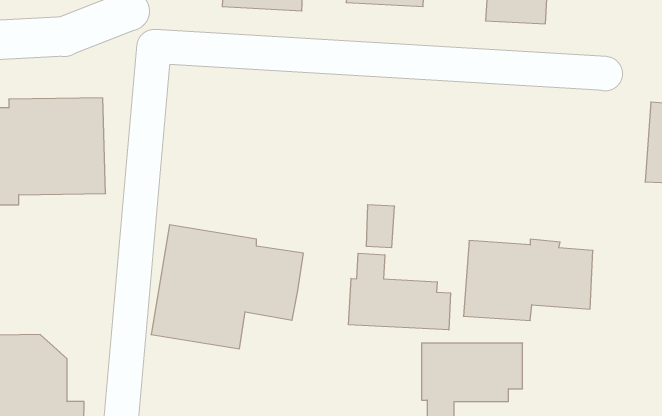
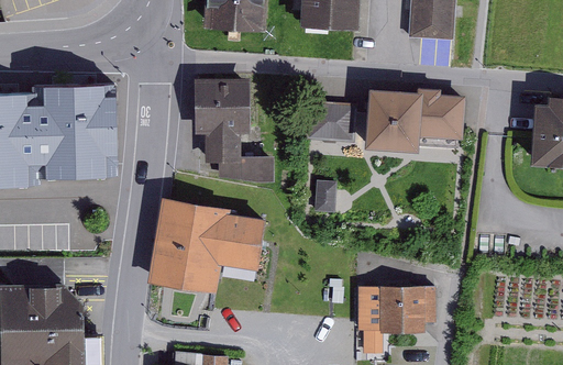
building: none -> [195,78,274,185]
building: none -> [306,103,356,145]
building: [463,239,593,320] -> [366,87,466,150]
building: [349,253,451,330] -> none

